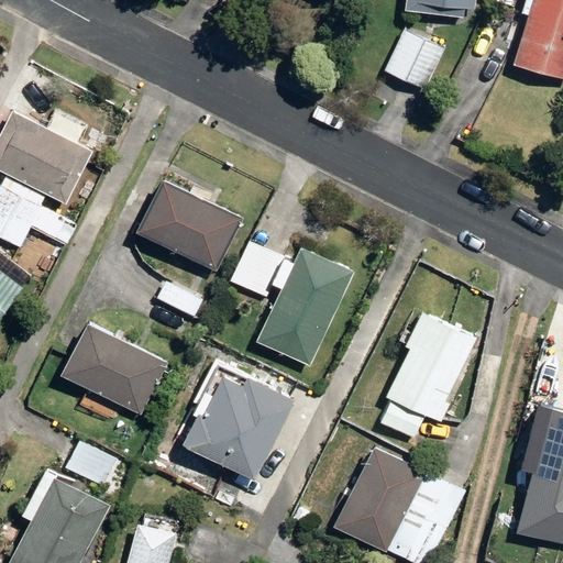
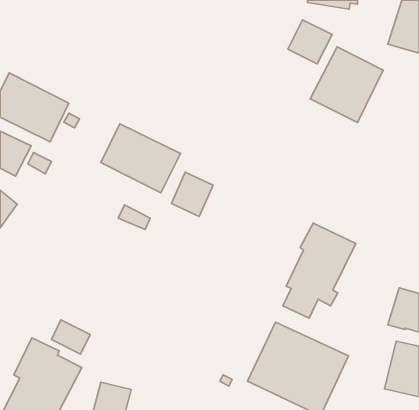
building: none -> [310,47,383,122]
building: [258,245,355,366] -> none
building: [59,321,168,415] -> none
building: [177,362,292,477] -> none

